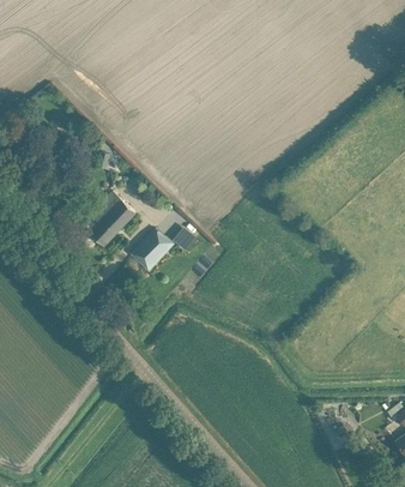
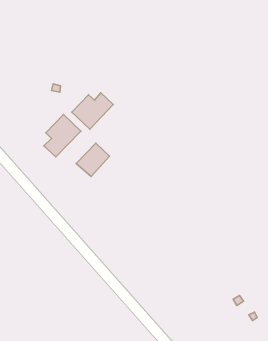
building: none -> [72,93,113,129]

